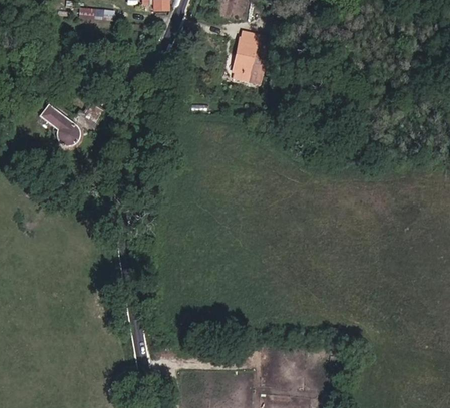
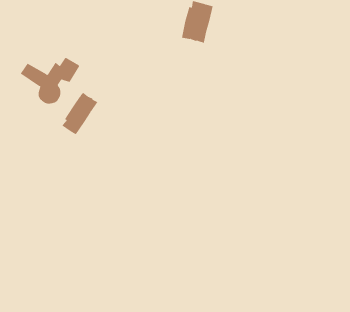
building: none -> [62,92,98,135]

